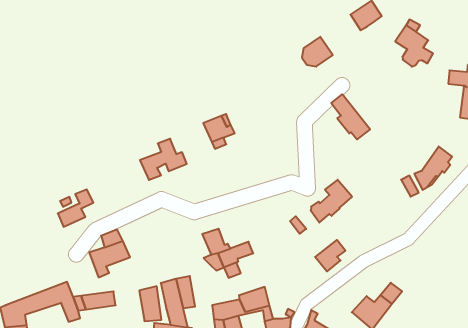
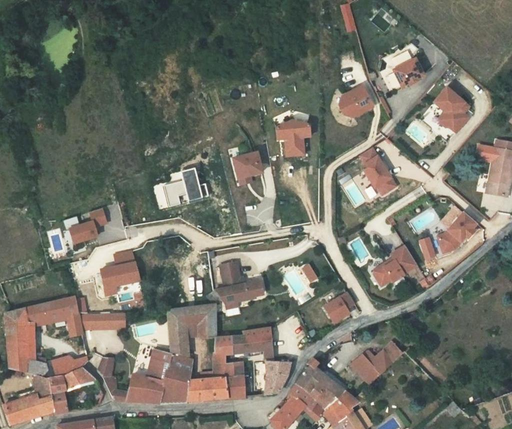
building: none -> [278,115,312,153]
building: [311,180,352,223] -> [372,246,415,286]
building: [139,286,161,321] -> [197,305,215,339]

